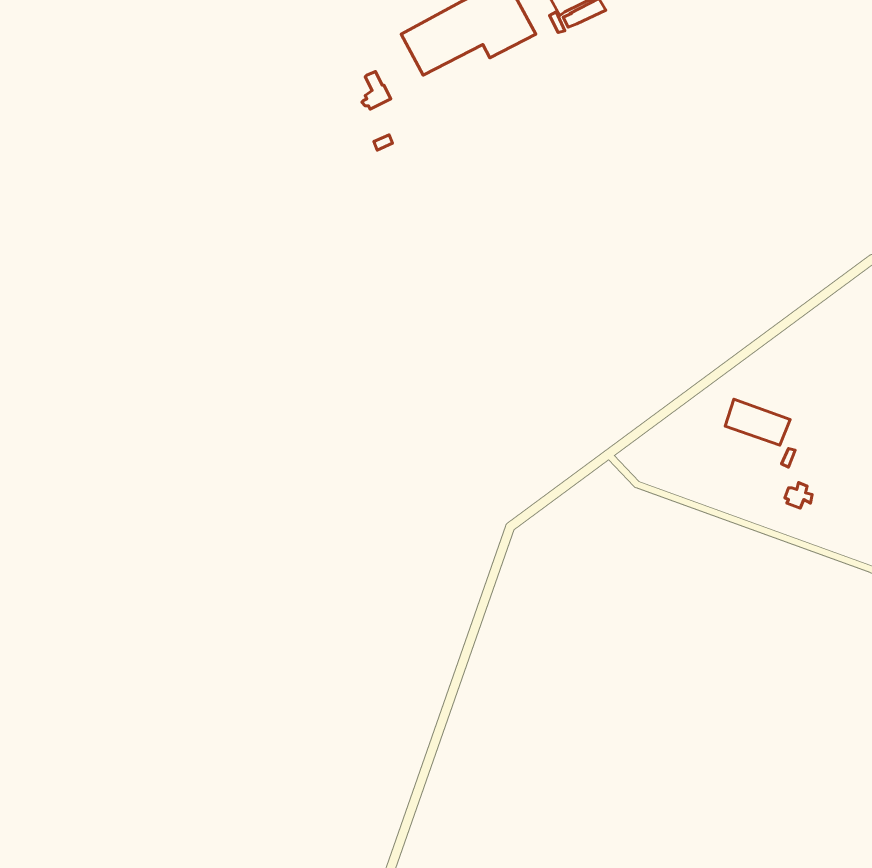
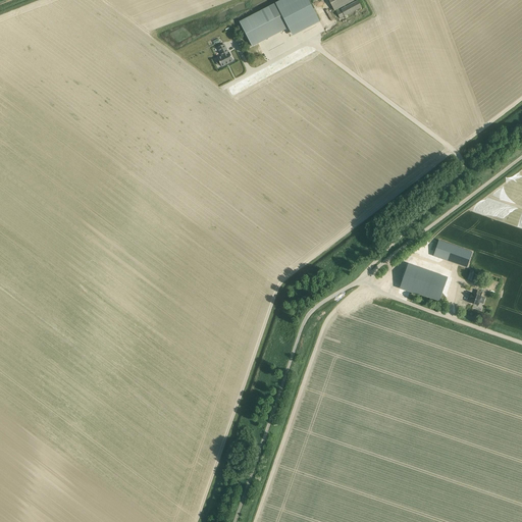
building: none -> [401,262,448,300]

